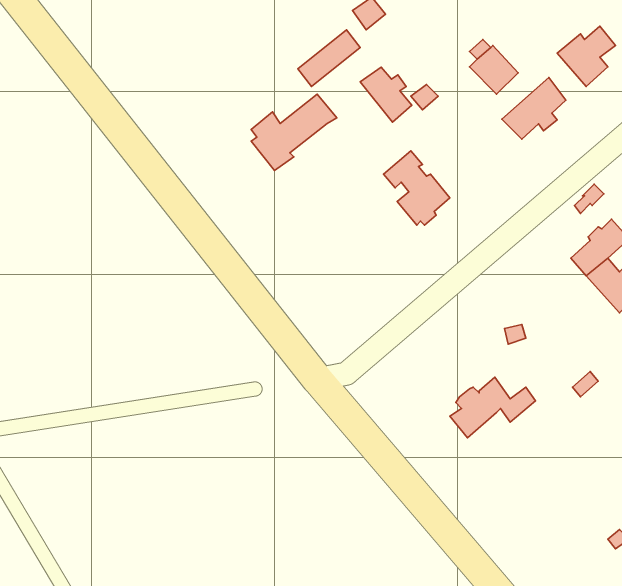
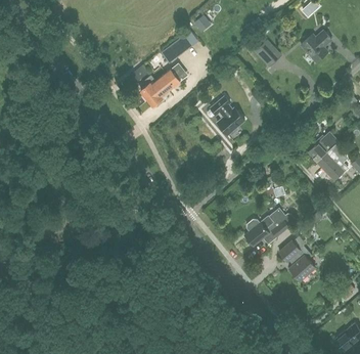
building: [360,67,412,122] -> none
building: [502,78,566,139] -> none
building: none -> [279,240,315,280]

